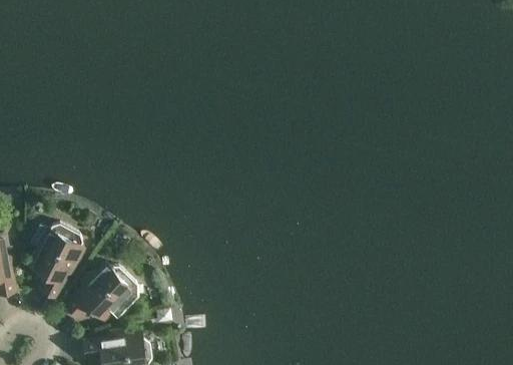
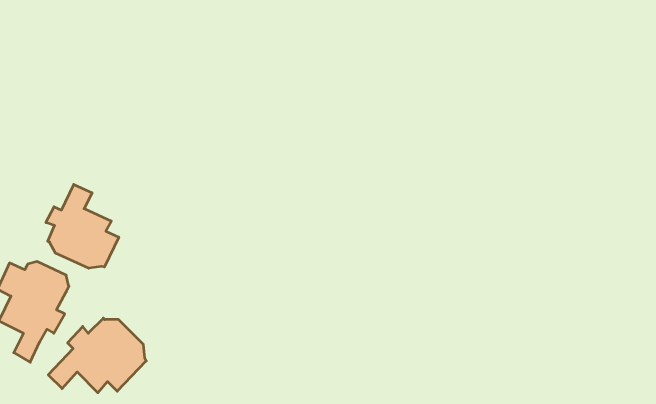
building: none -> [46,184,119,268]

